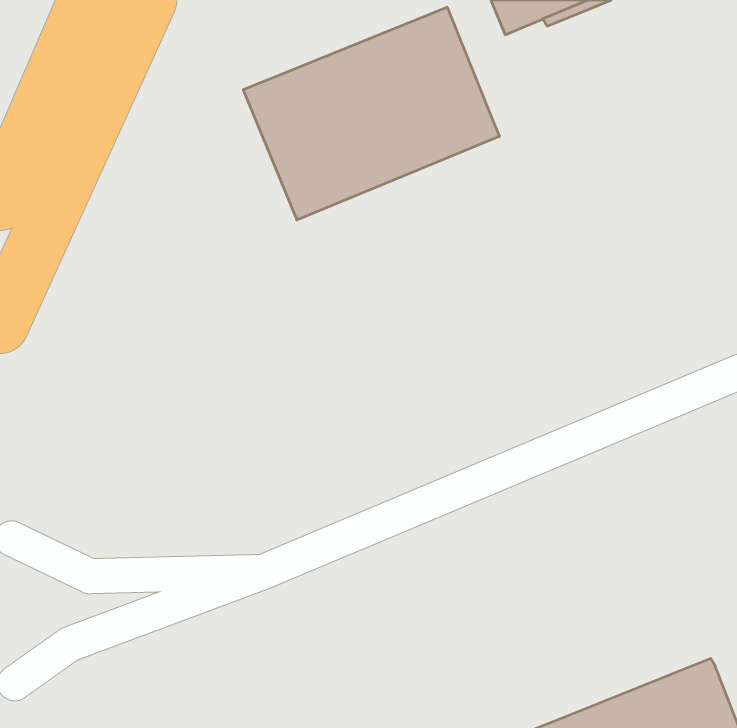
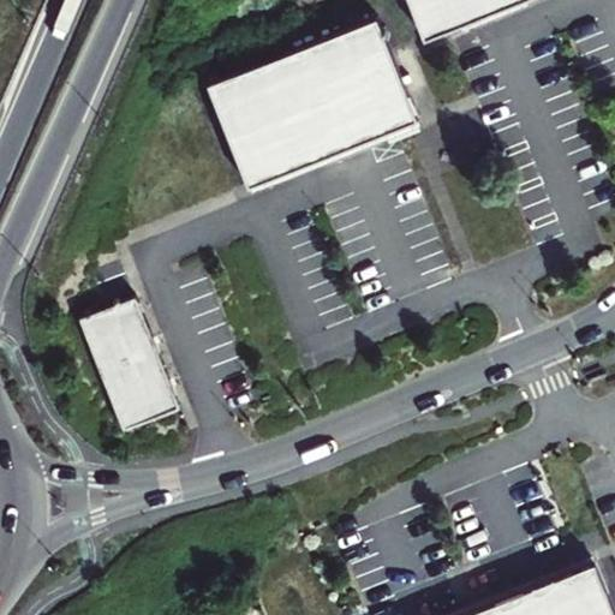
building: none -> [78,298,180,432]

